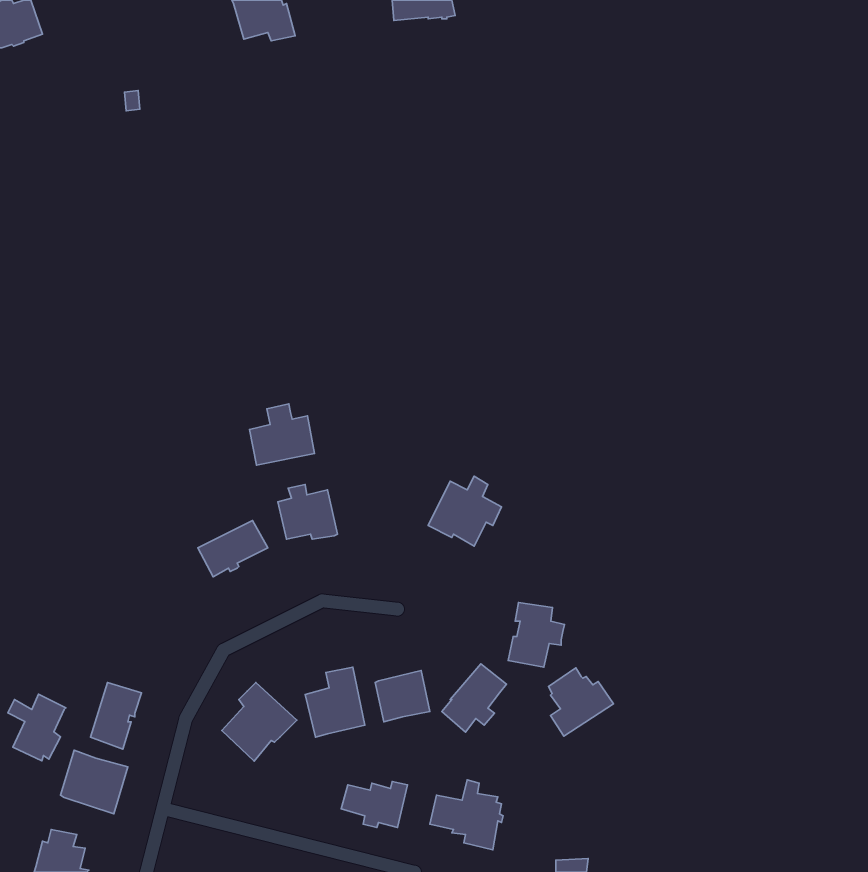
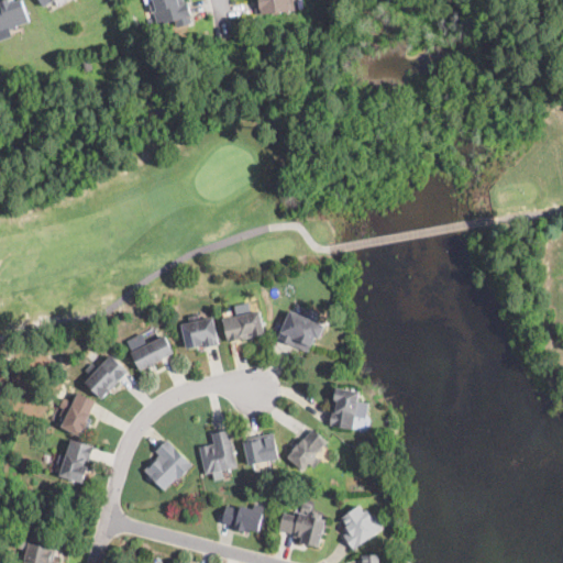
building: [250,404,314,465] -> [221,302,263,342]
building: none -> [84,356,125,398]
building: [549,668,613,736] -> [341,505,383,549]
building: [8,694,66,761] -> [56,393,93,435]
building: [60,750,128,814] -> none

